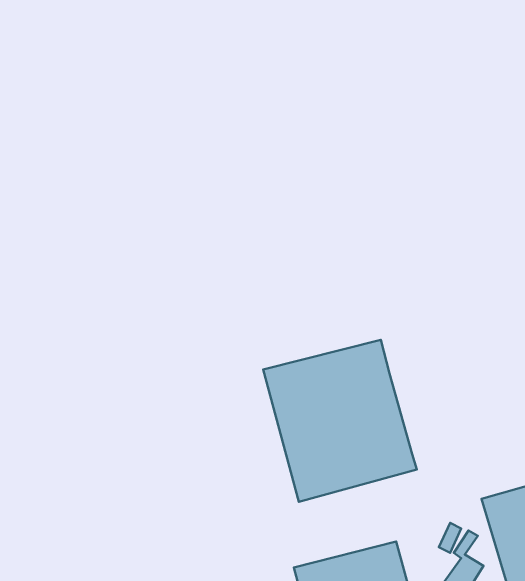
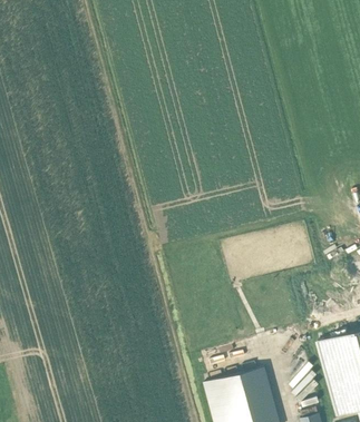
building: [263,340,417,502] -> none

